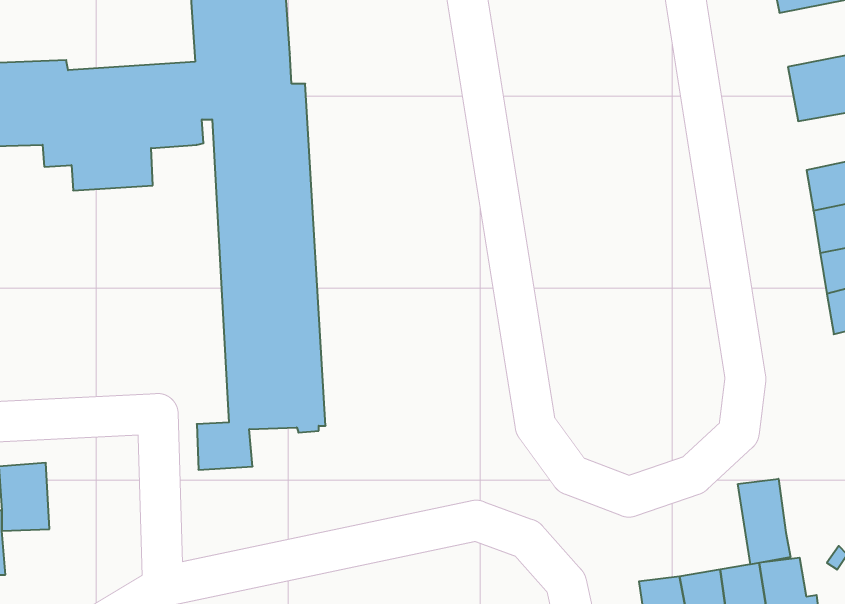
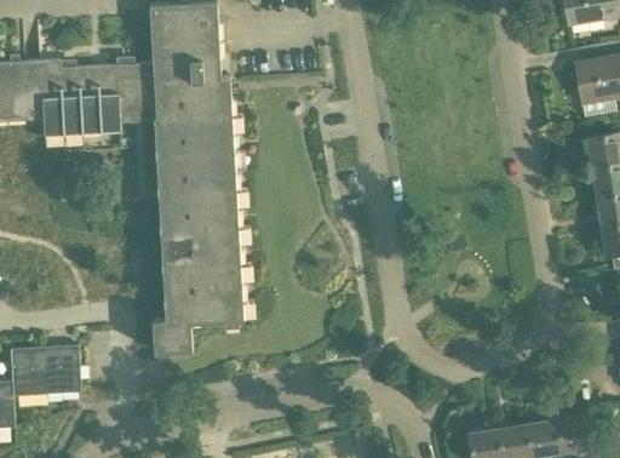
building: none -> [44,347,80,395]
building: [738,479,791,564] -> none

